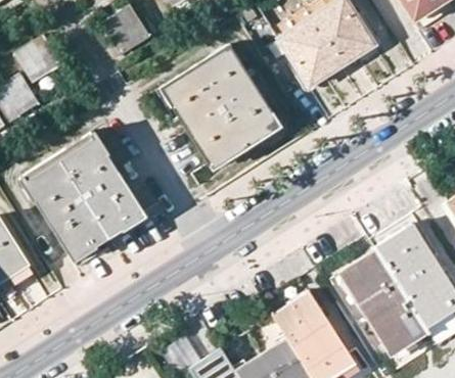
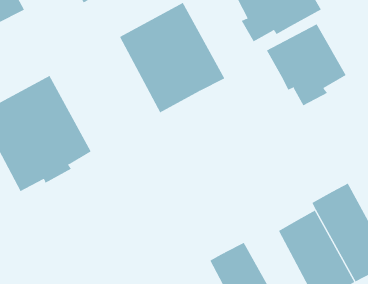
building: none -> [266,23,346,106]

